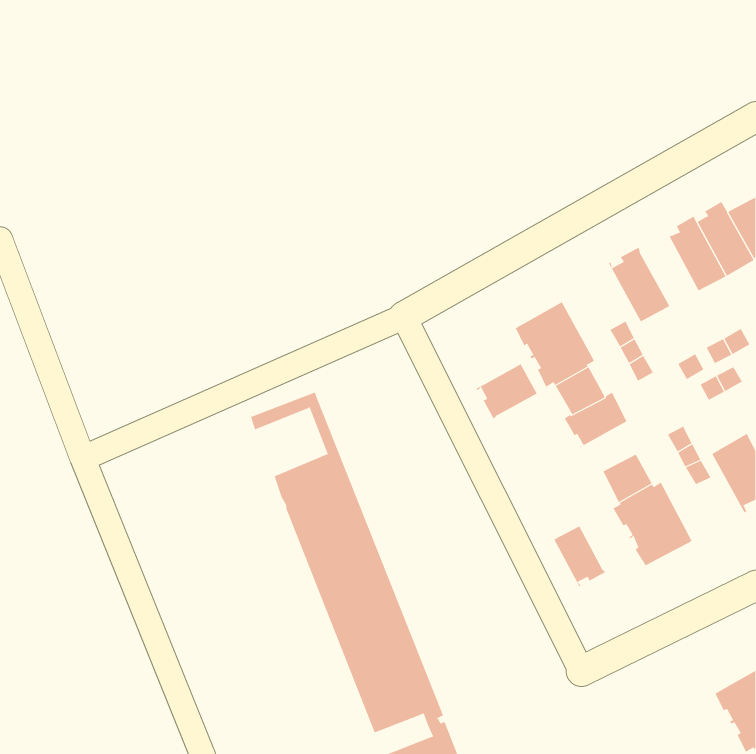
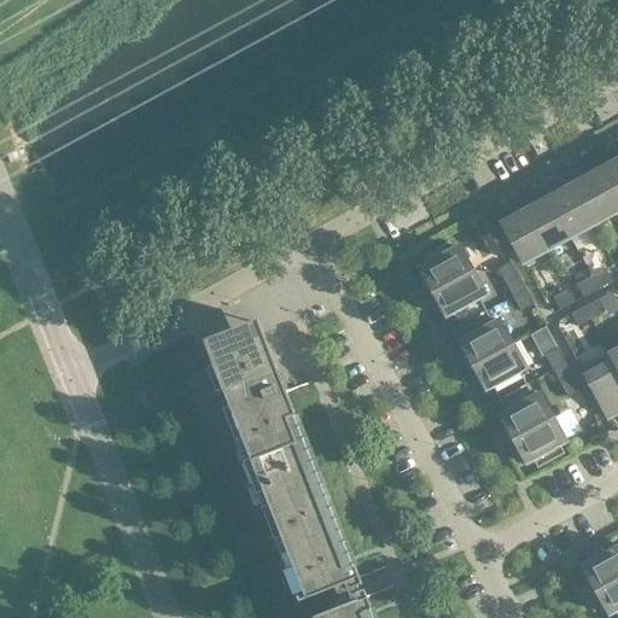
building: none -> [523,191,570,251]
building: [476,364,538,420] -> none
building: none -> [208,334,267,390]
building: none -> [473,345,525,391]
building: [554,525,606,587] -> none

